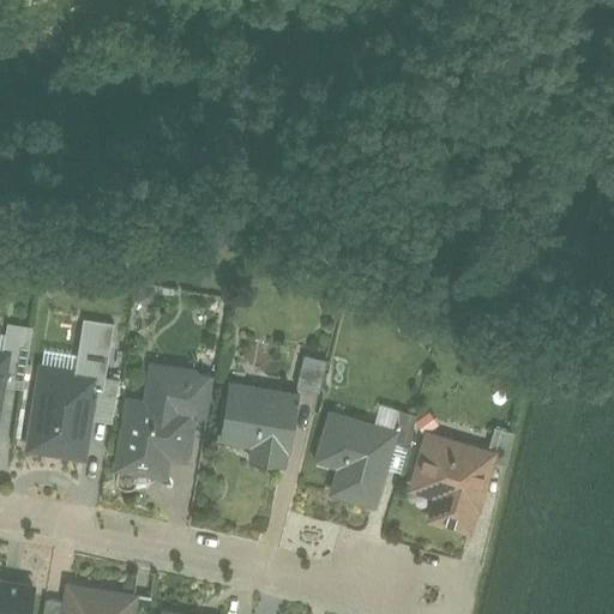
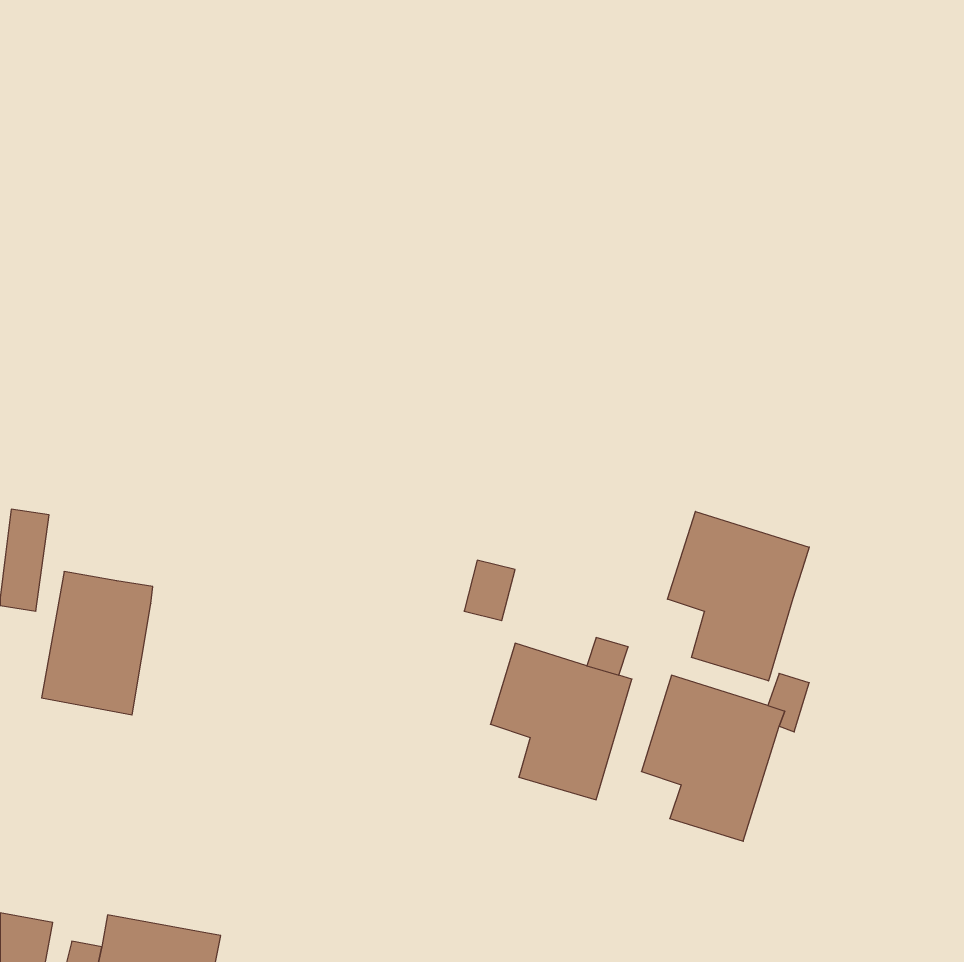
building: [74,318,113,385] -> none
building: none -> [667,511,809,681]
building: [115,362,210,480] -> none
building: [221,383,300,468] -> none

